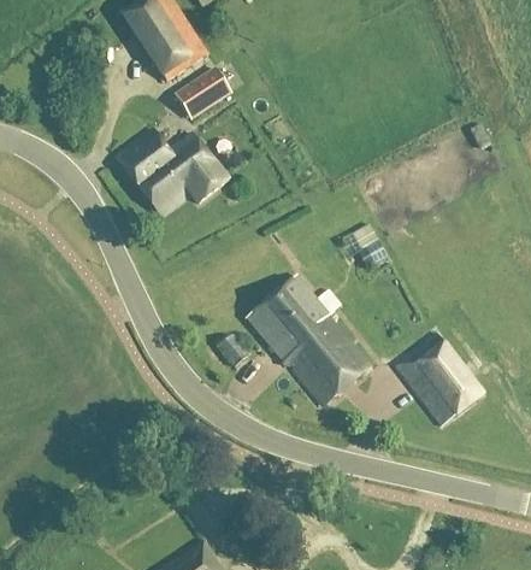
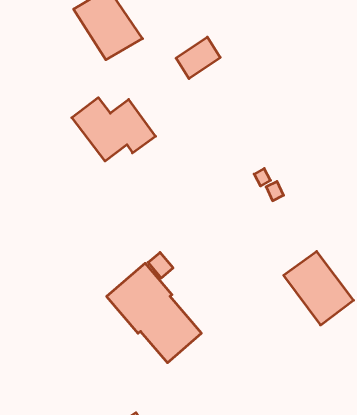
building: [173,66,231,121] -> [176,37,220,79]
building: [244,274,368,404] -> [107,263,201,363]

